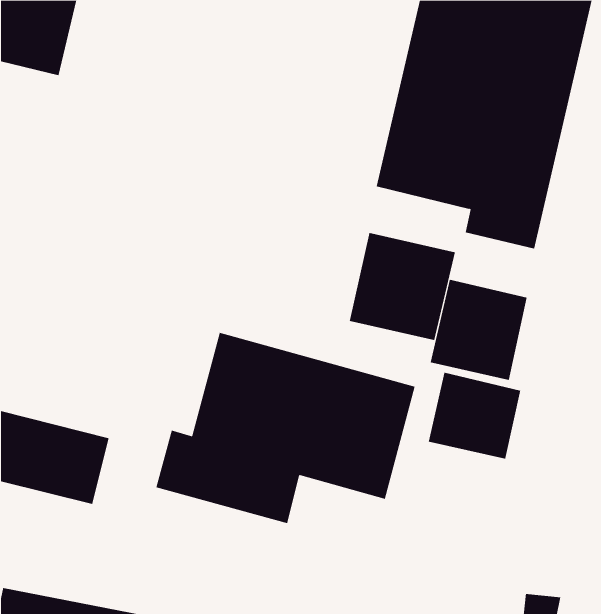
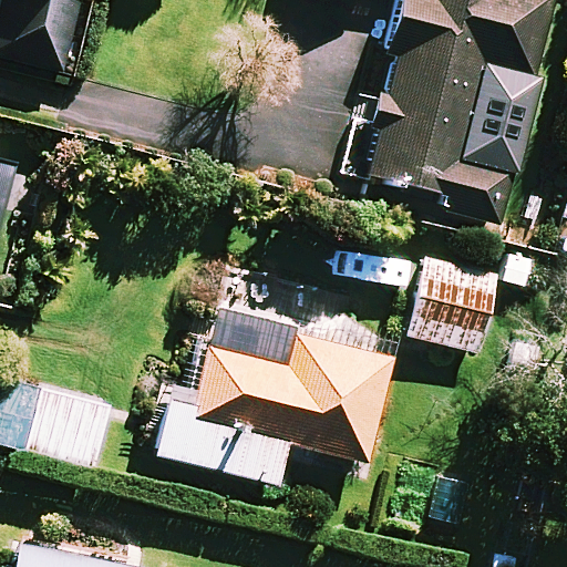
building: [349,232,456,341] -> none
building: [428,372,521,459] -> none

